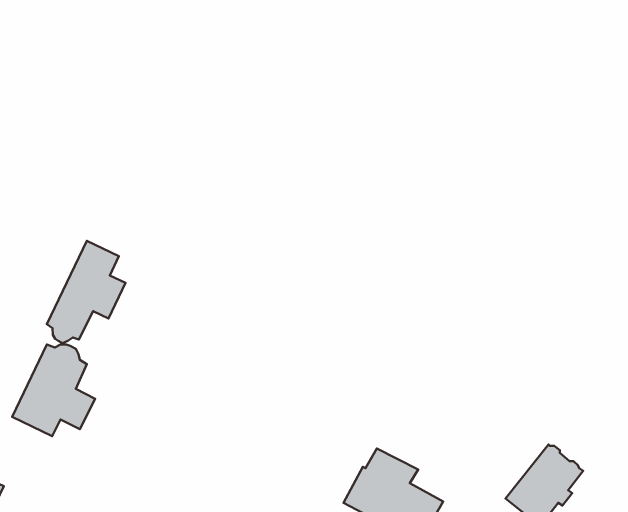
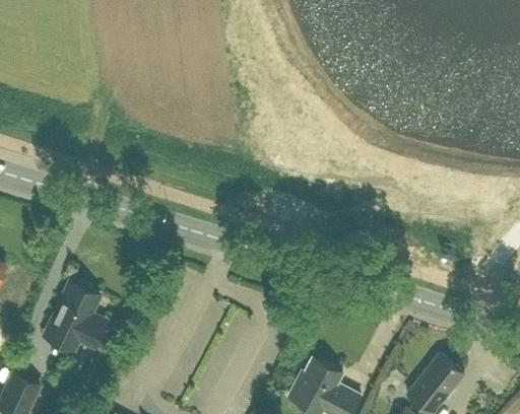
building: [47,241,125,343] -> none

